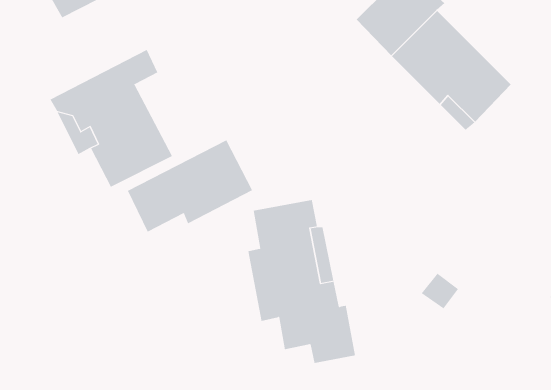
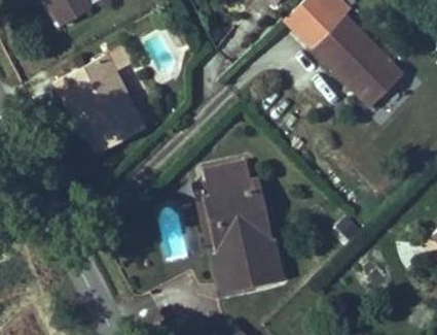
building: [127,139,253,232] -> none
building: none -> [213,249,253,292]

